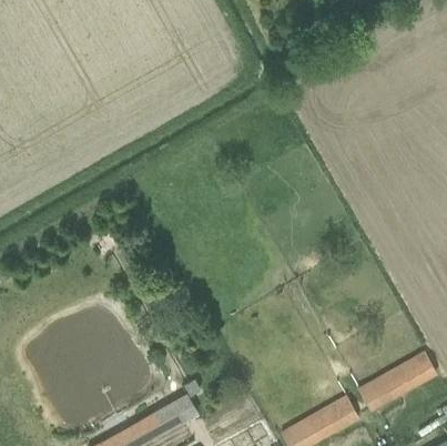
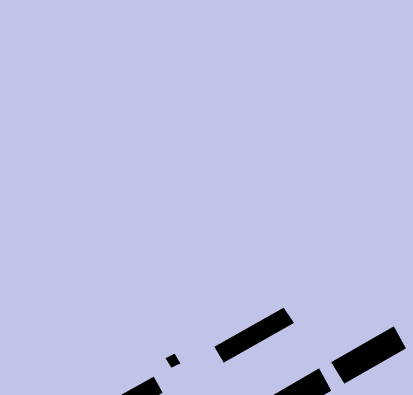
building: none -> [213,307,295,364]

